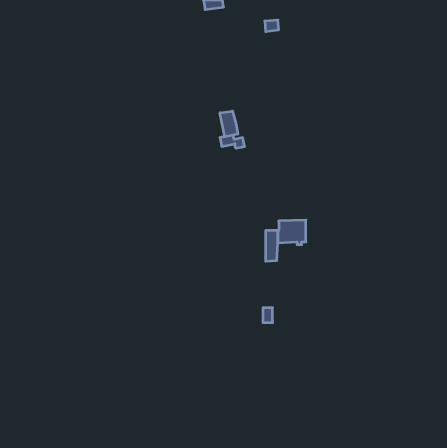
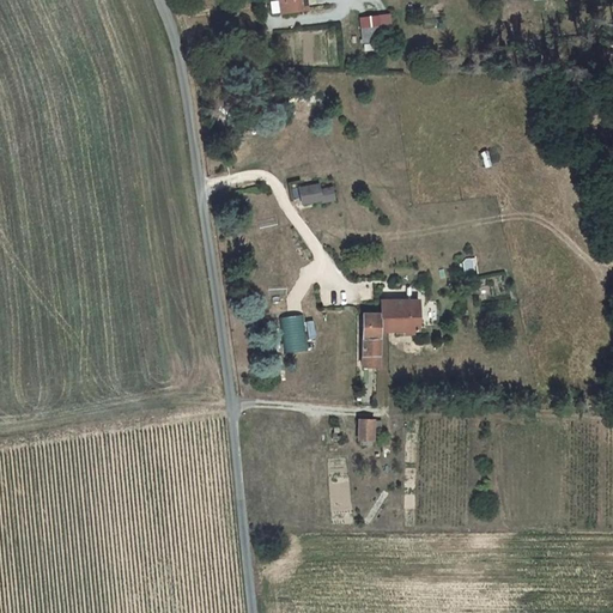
building: [220,111,238,137] -> none
building: none -> [284,315,306,350]

